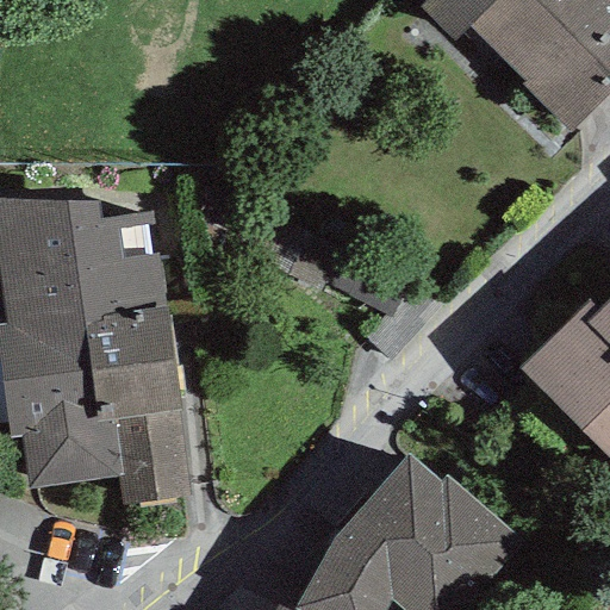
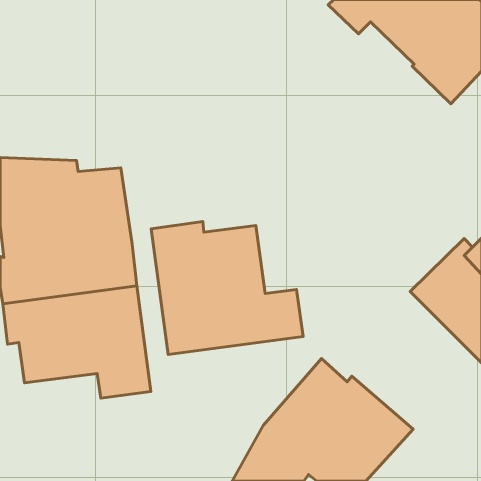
building: none -> [151,221,303,354]

